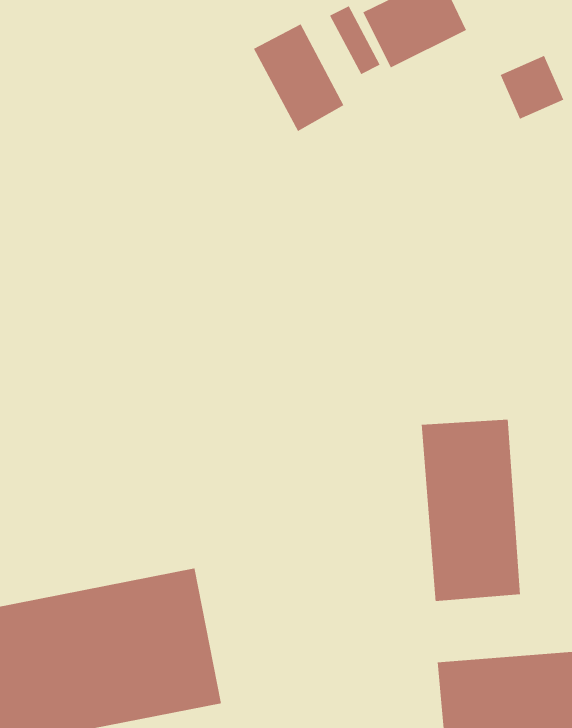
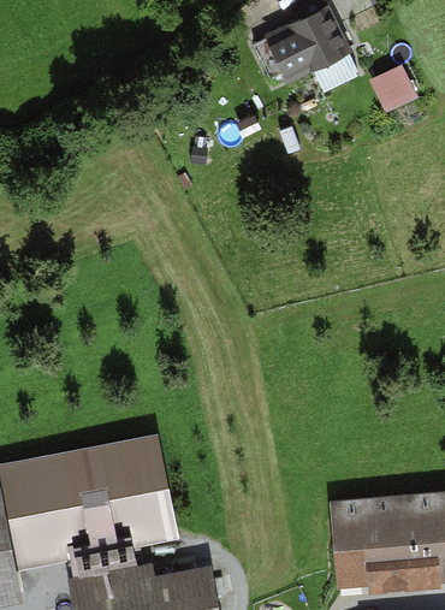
building: [253,24,344,132] -> none
building: [421,419,521,602] -> none

